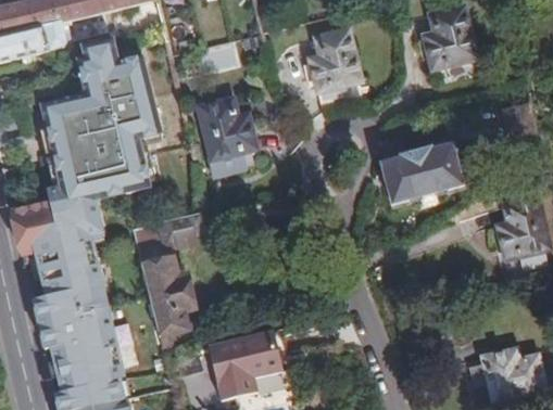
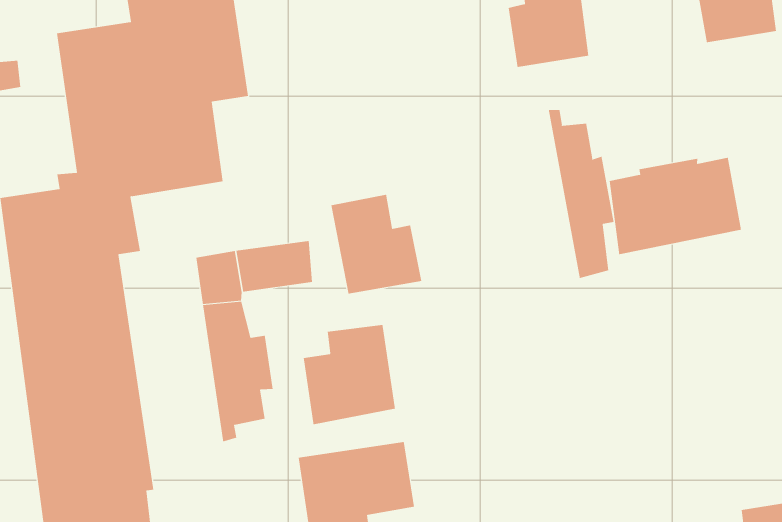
building: [198,97,257,159] -> [331,194,422,294]
building: none -> [548,109,614,279]
building: none -> [303,324,395,425]

